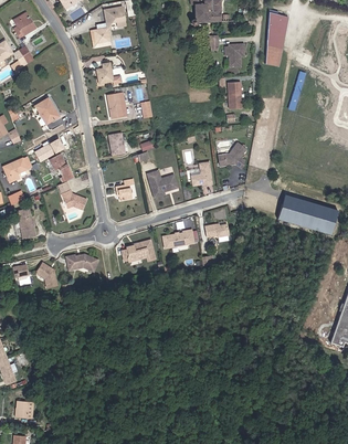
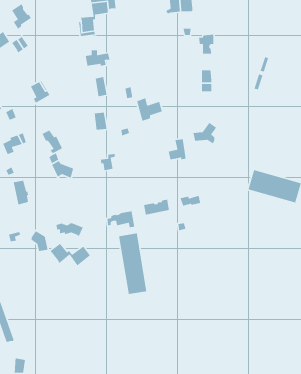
building: [266,14,285,49] -> none
building: [147,170,177,198] -> [136,97,163,122]
building: none -> [118,233,147,295]
building: none -> [50,243,91,267]

